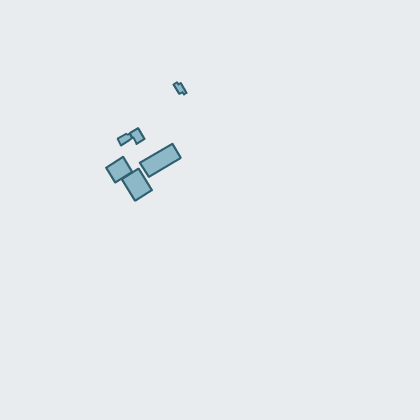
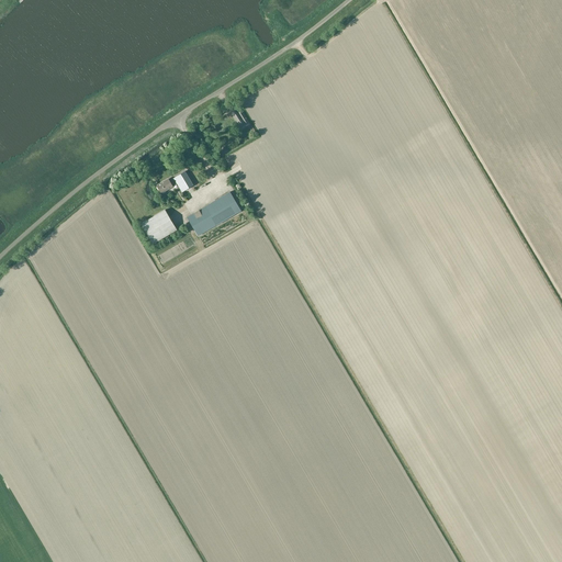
building: [122,169,152,201] -> none

